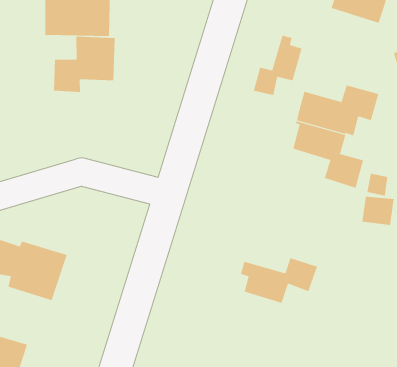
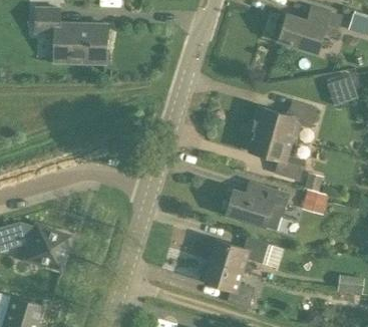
building: [253,35,302,96] -> none
building: [53,36,115,93] -> none
building: none -> [226,182,289,227]
building: none -> [199,264,254,309]

